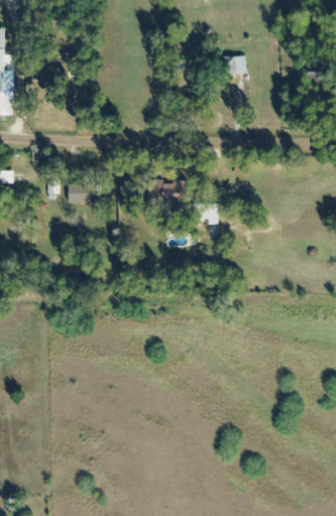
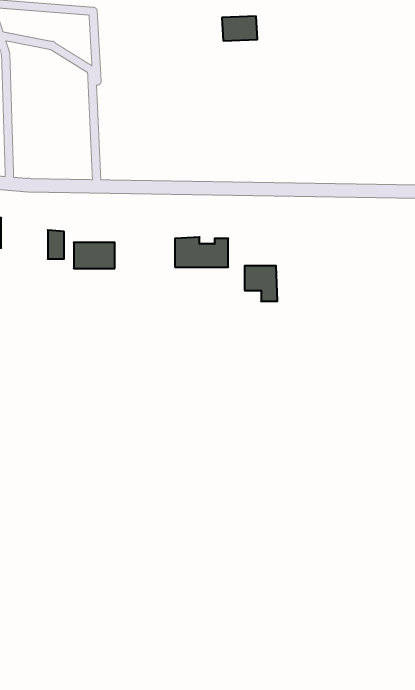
building: [219,55,245,74] -> [222,16,257,41]

